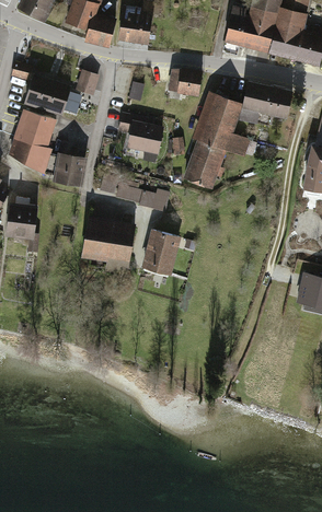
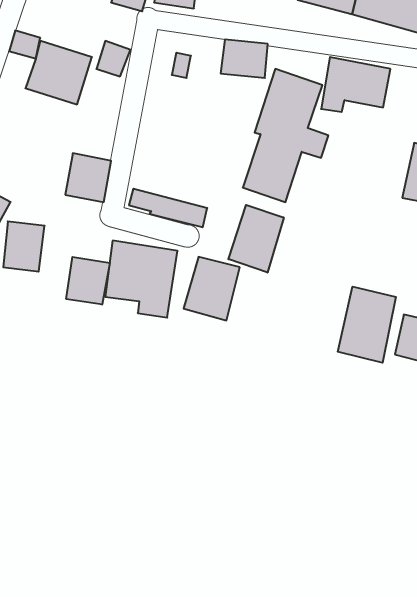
building: [9,112,56,173] -> none
building: [117,112,164,156] -> none
building: none -> [228,205,284,273]
building: none -> [66,257,110,305]
building: none -> [338,287,396,363]

